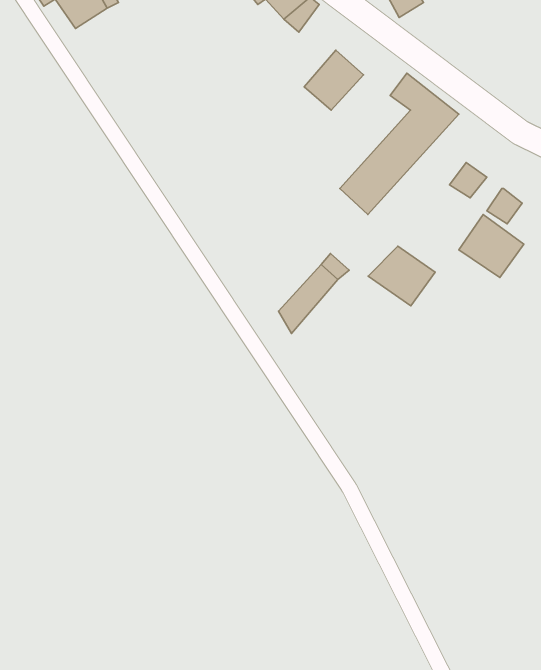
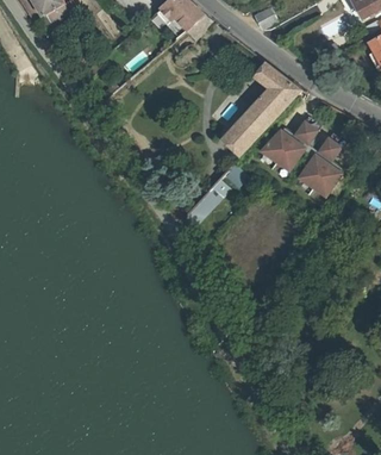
building: [304,50,363,110] -> none
building: [368,246,435,306] -> [262,131,305,169]

